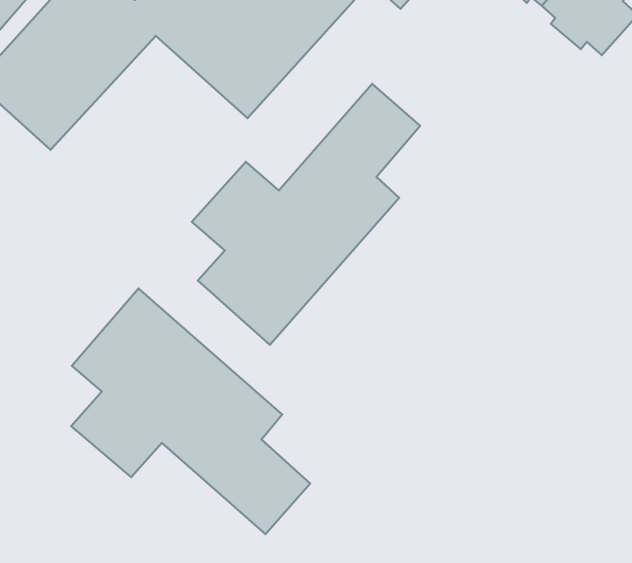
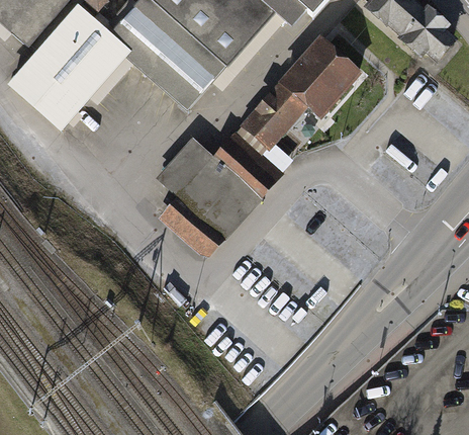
building: none -> [273,32,358,117]
building: [71,288,310,534] -> none

